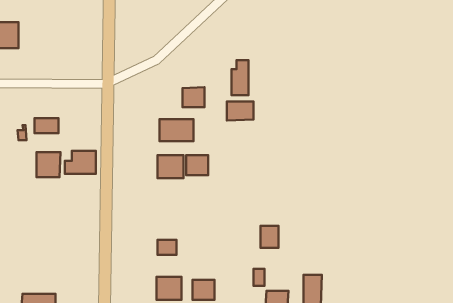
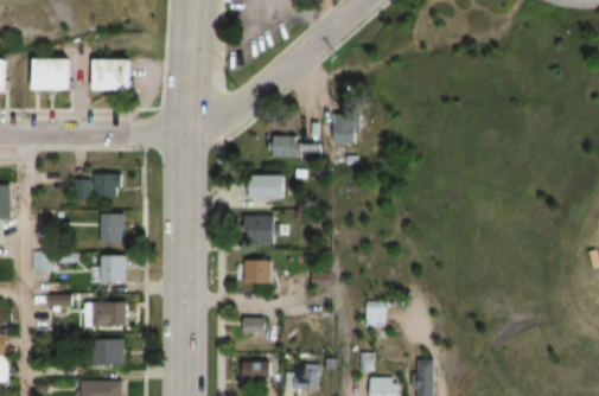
building: none -> [98,59,135,91]
building: [227,101,253,120] -> none
building: [65,151,96,174] -> [90,255,127,282]
building: [186,155,208,175] -> [242,260,268,283]
building: none -> [82,301,128,328]
building: none -> [94,340,126,368]

